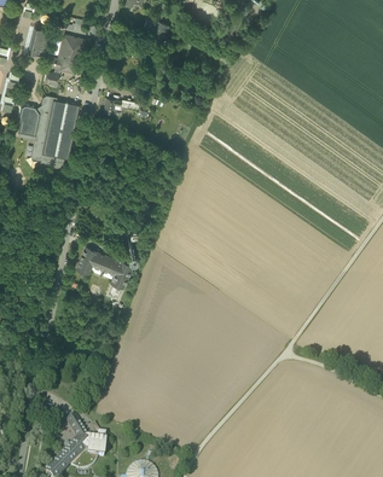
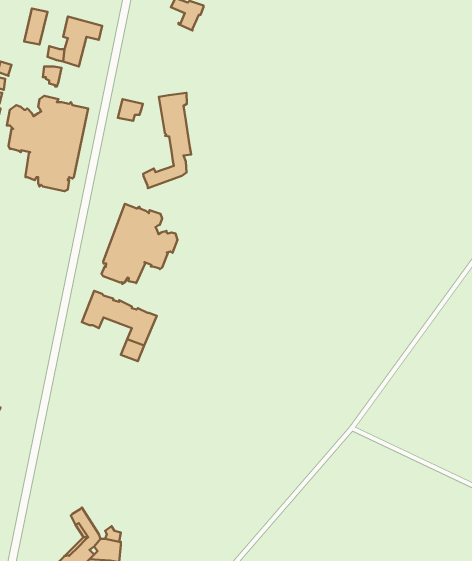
building: none -> [143,93,191,188]
building: none -> [102,204,178,284]

